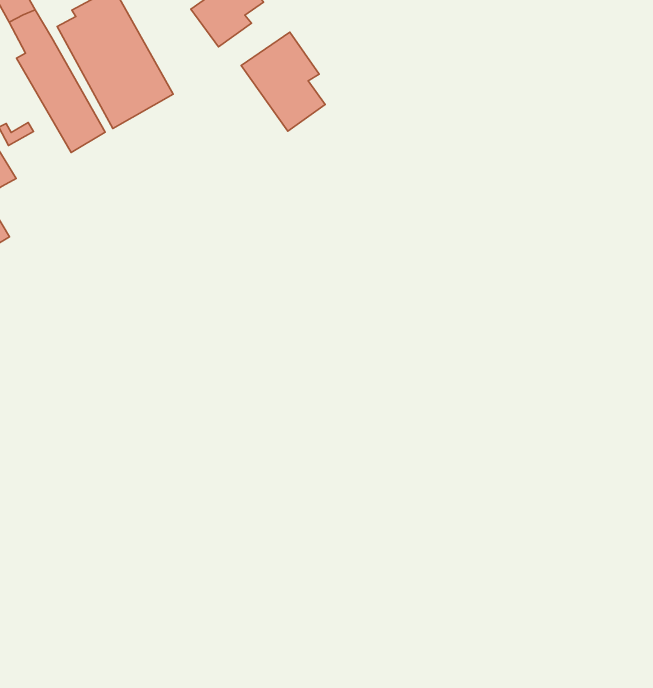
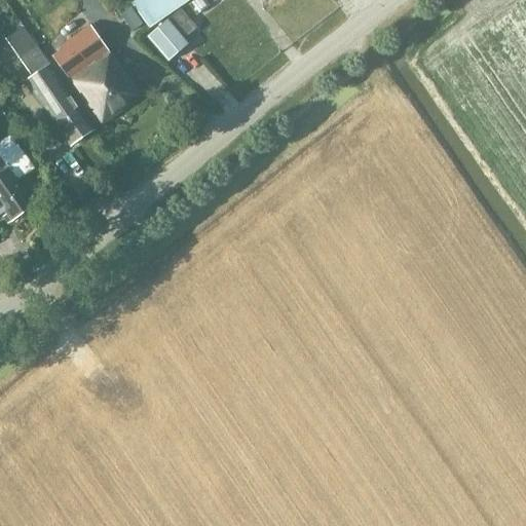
building: [241,32,325,131] -> none

